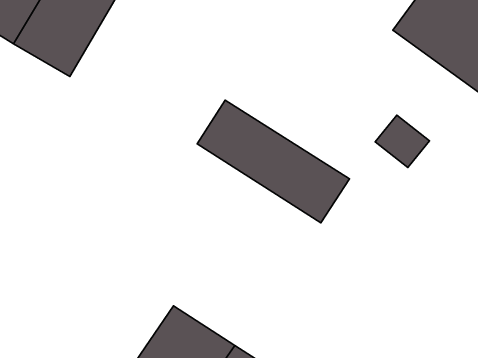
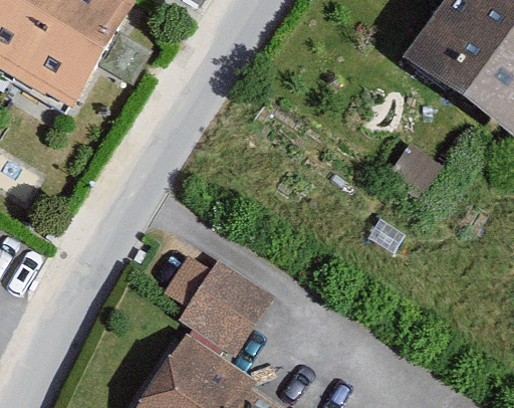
building: [197,100,349,223] -> none
building: none -> [165,257,273,358]

